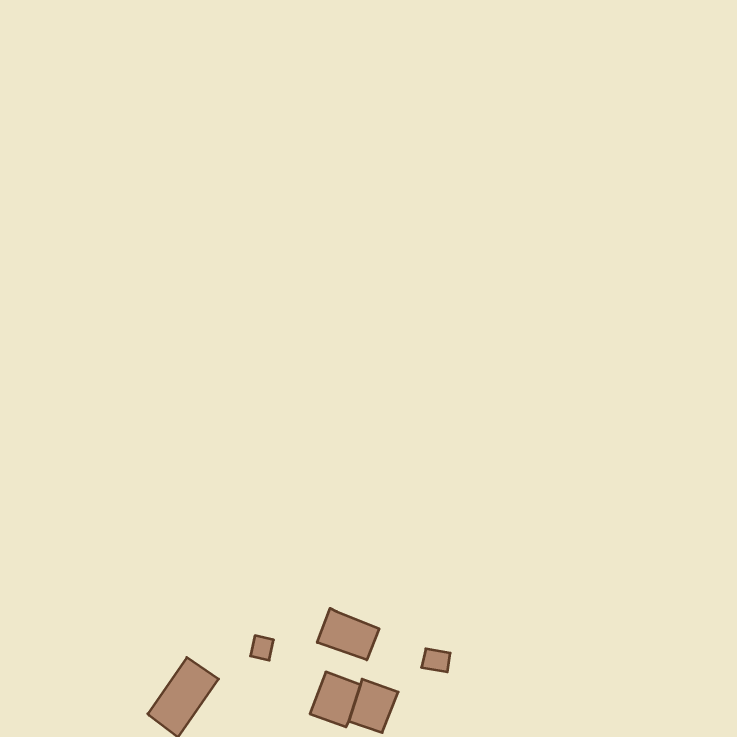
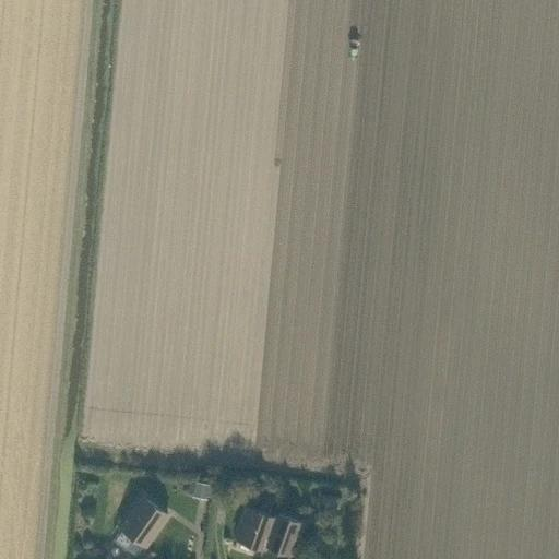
building: [317,608,379,660] -> none

